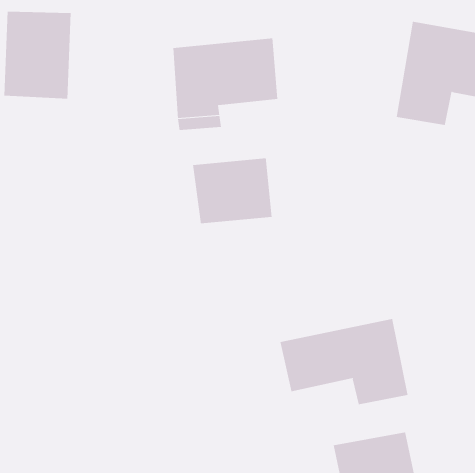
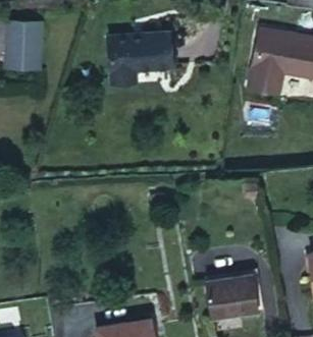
building: [193,157,272,224] -> none
building: [280,318,408,405] -> none

